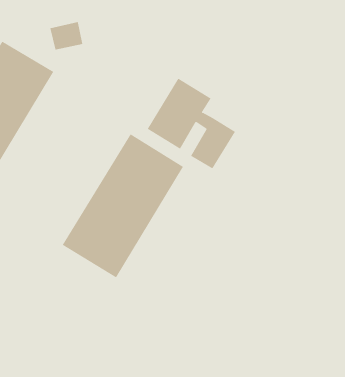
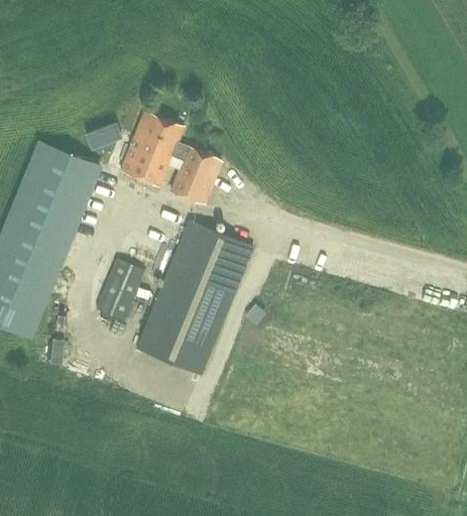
building: [147,78,236,169] -> [120,112,215,203]
building: none -> [96,260,144,320]

